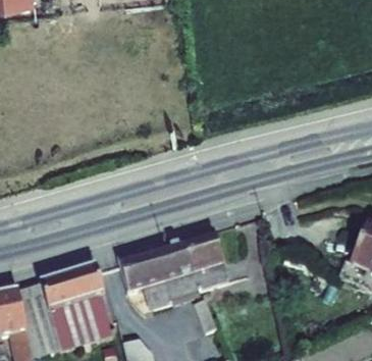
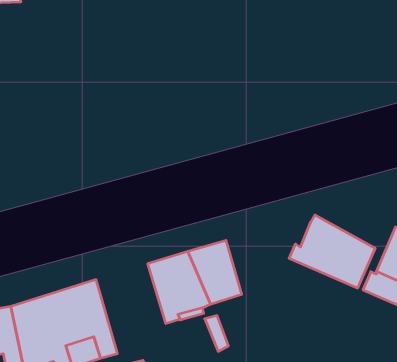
building: none -> [289,215,375,288]
building: [118,251,159,307] -> none

